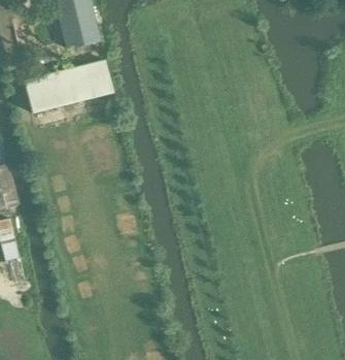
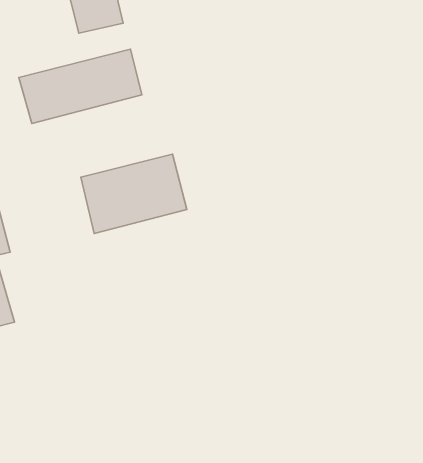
building: none -> [81,154,187,233]

